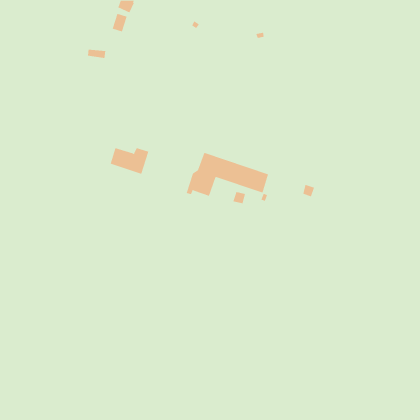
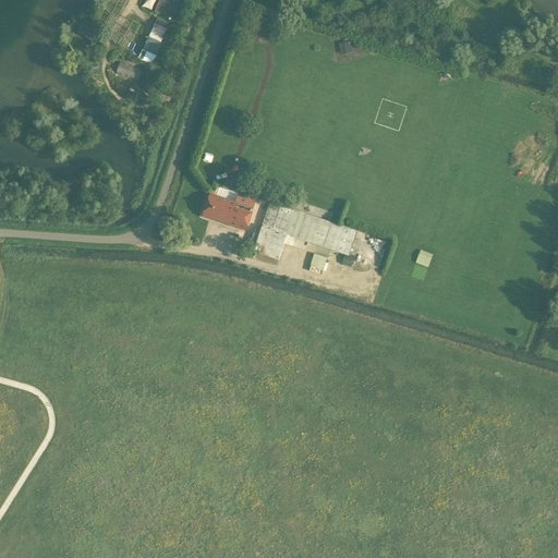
building: [110,147,149,175] -> [204,194,256,230]

